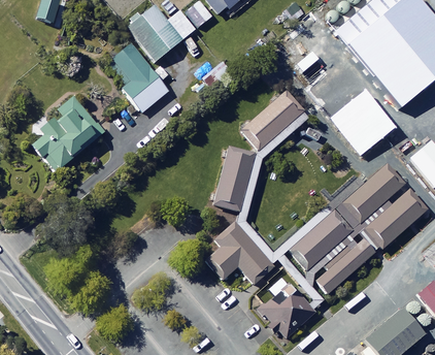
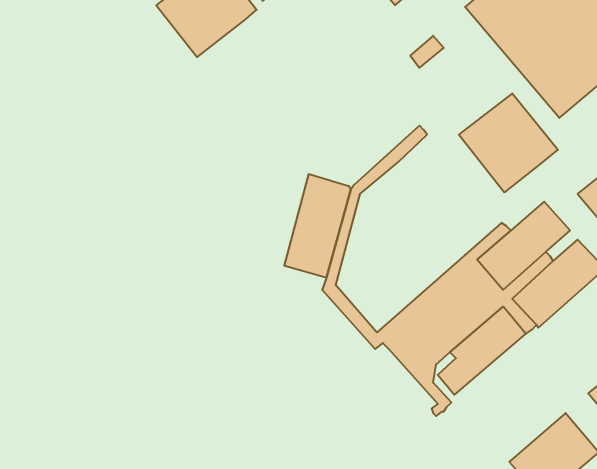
building: [106,45,168,115] -> none
building: [241,89,306,151] -> none
building: [31,96,103,174] -> none
building: [210,220,276,283] -> none
building: [257,278,319,336] -> none

